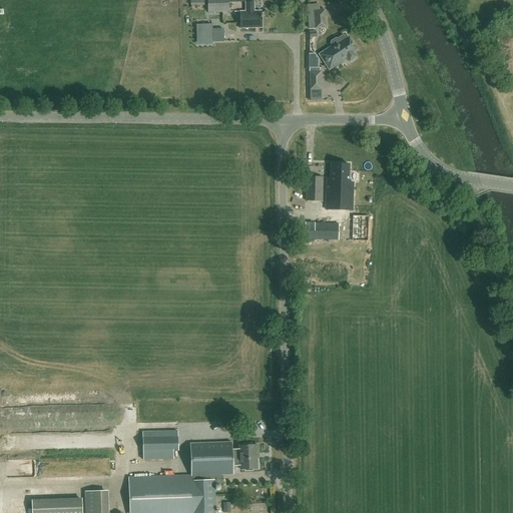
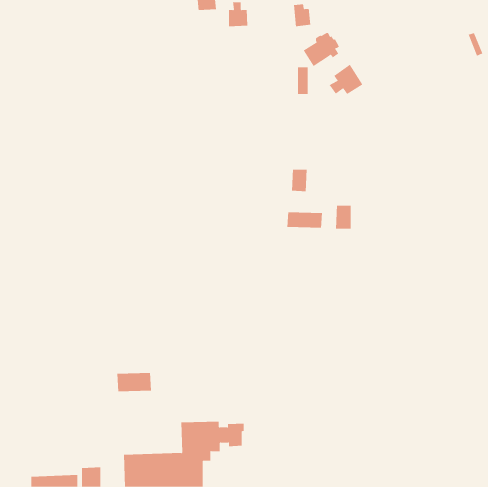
building: [196,23,224,44] -> none
building: none -> [329,64,363,95]
building: [326,163,352,210] -> none
building: [141,431,178,451] -> [116,373,152,392]

